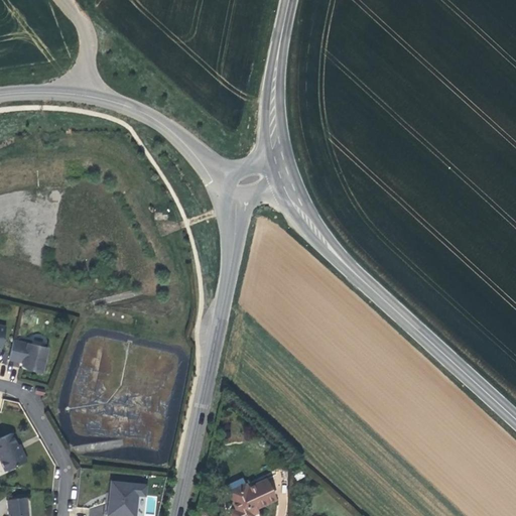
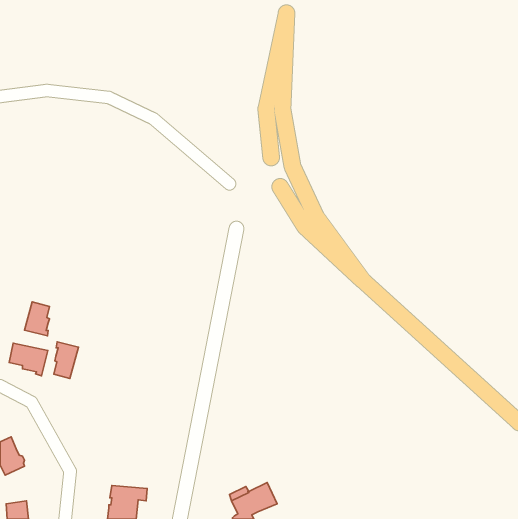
building: none -> [24,302,50,336]
building: none -> [54,342,78,378]

